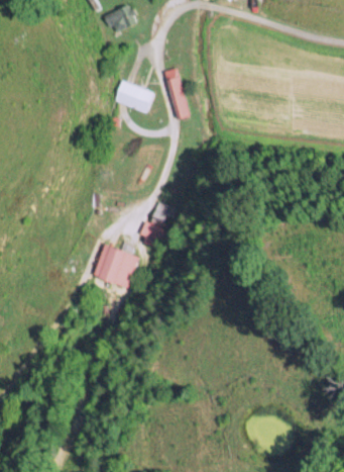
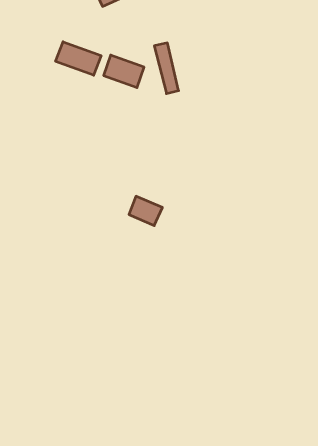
building: none -> [56,42,101,75]
building: [93,244,139,287] -> none

